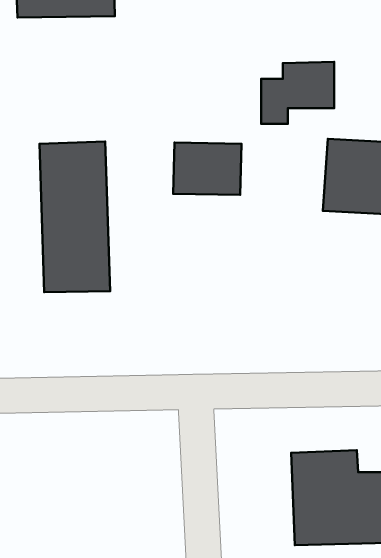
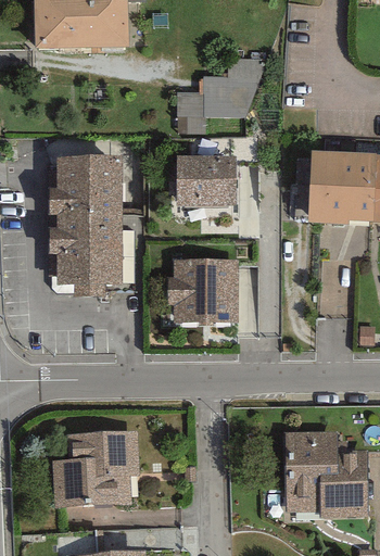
building: [261,62,334,124] -> [178,72,243,127]
building: none -> [170,260,235,319]
building: none -> [51,430,143,514]

